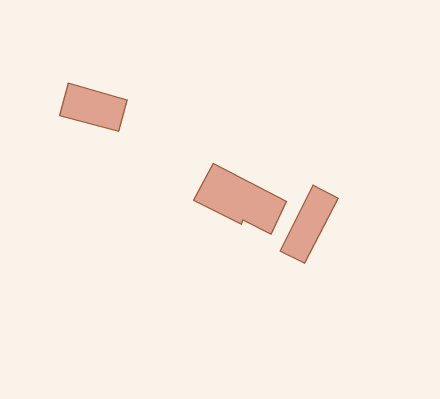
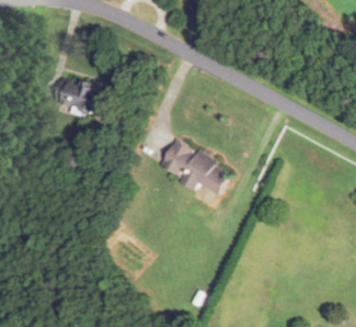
building: [280,185,338,263] -> none

